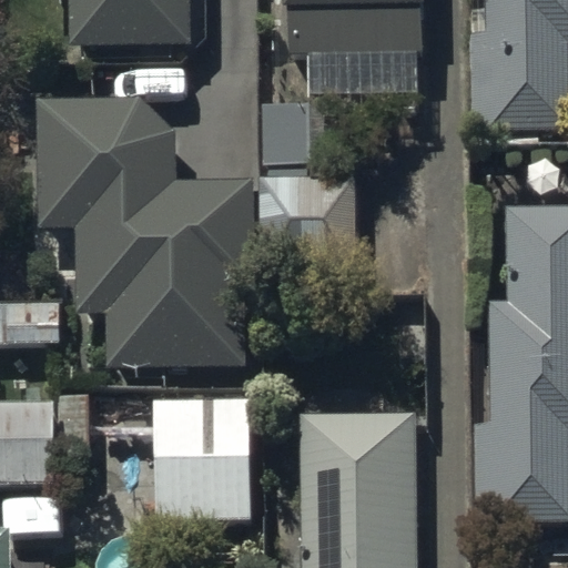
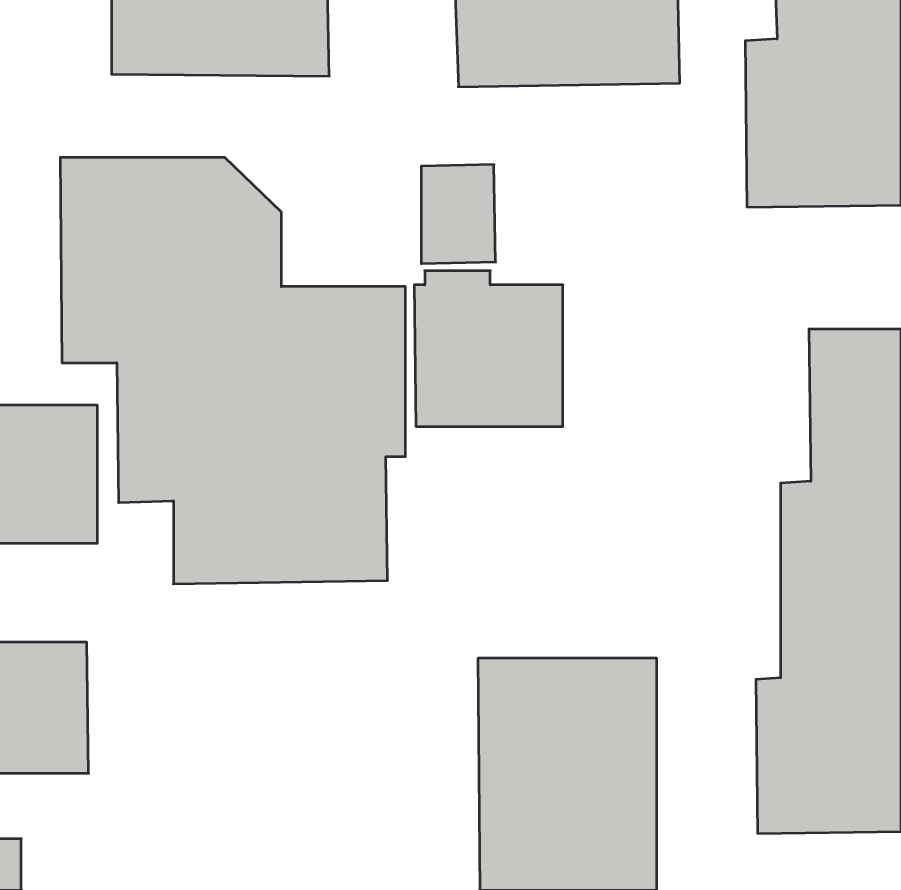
building: [154,400,251,520] -> none

